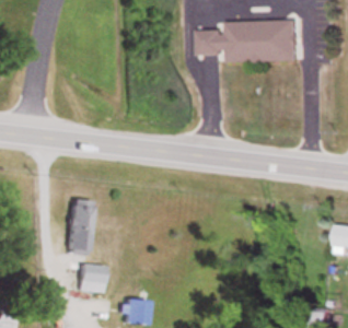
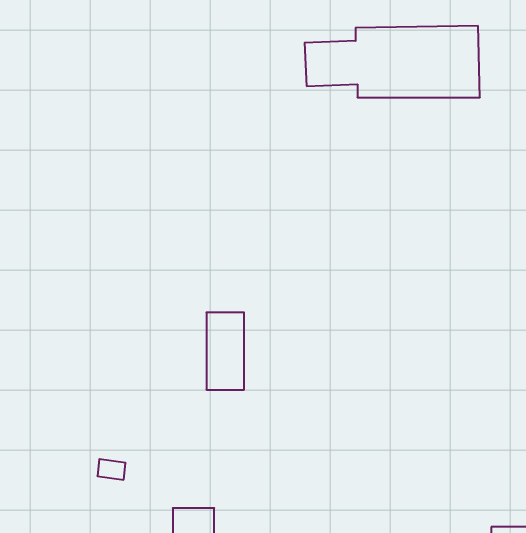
building: [69,202,91,247] -> [206,312,244,390]

